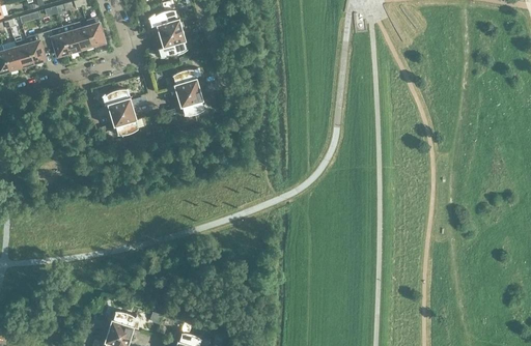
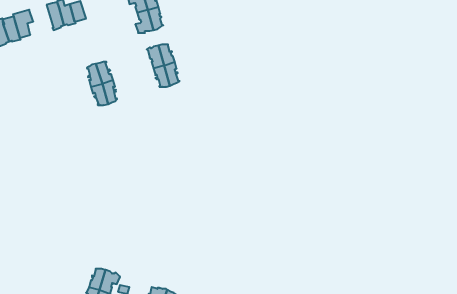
building: [44,28,69,56] -> none

